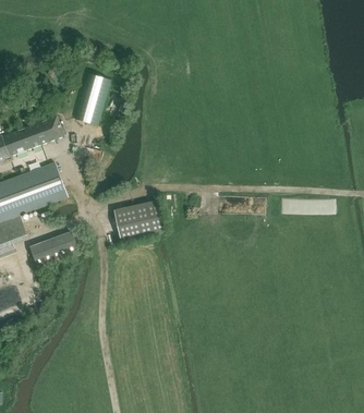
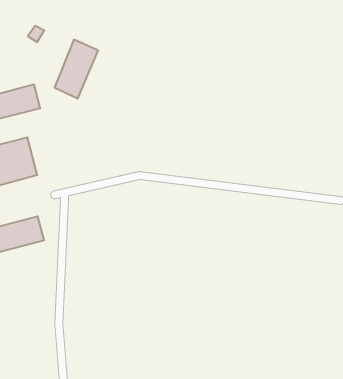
building: [112,199,163,241] -> none

